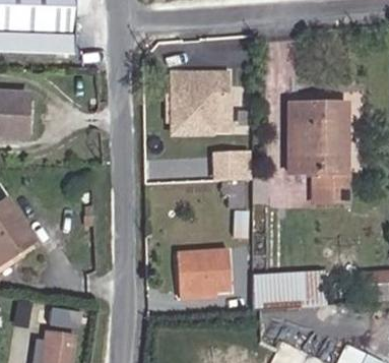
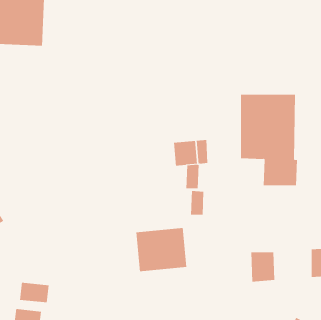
building: [170,69,234,132] -> none
building: [253,273,300,308] -> none

